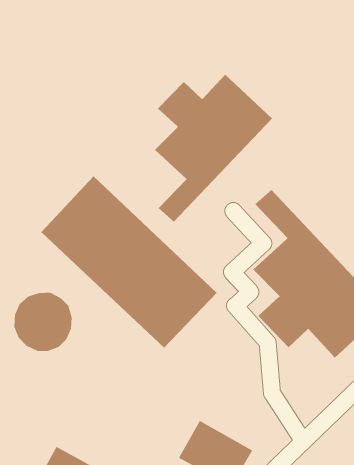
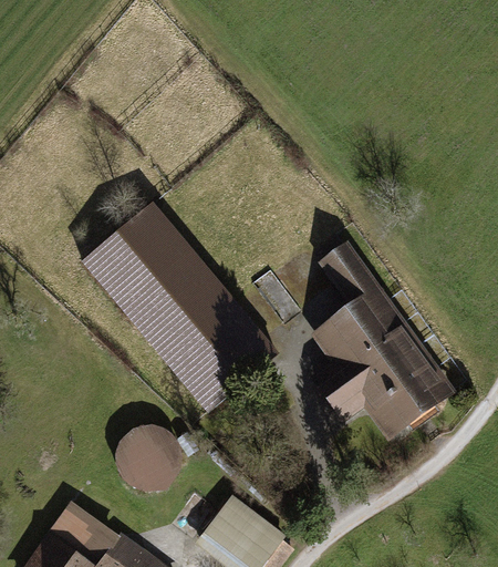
building: [154,74,273,222] -> none
building: [14,292,73,352] -> [116,422,183,488]

